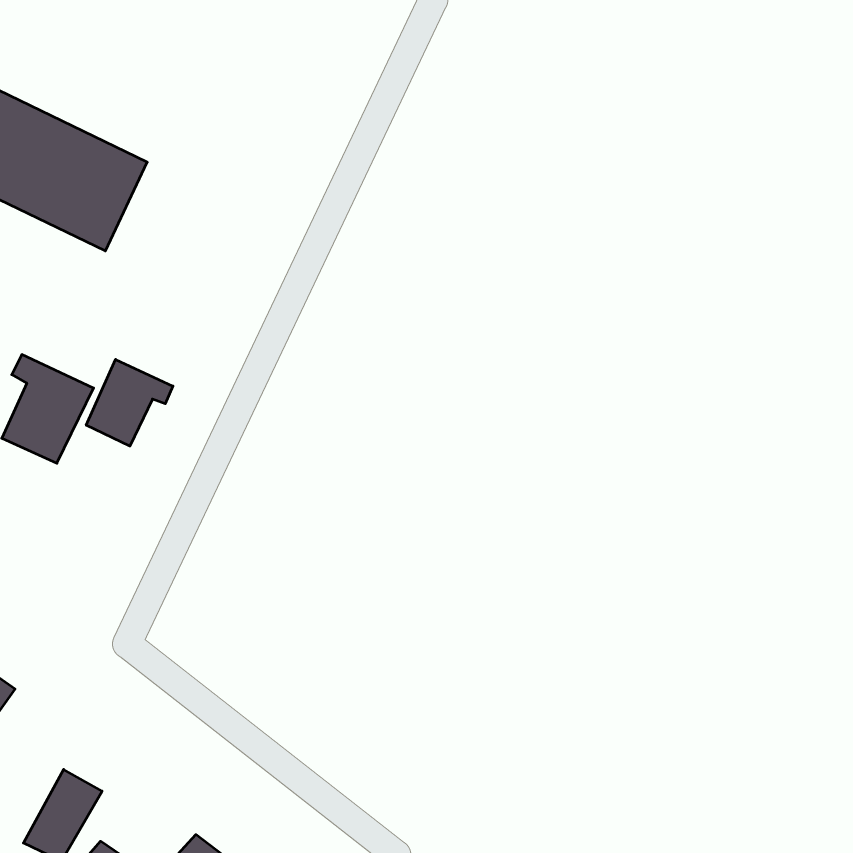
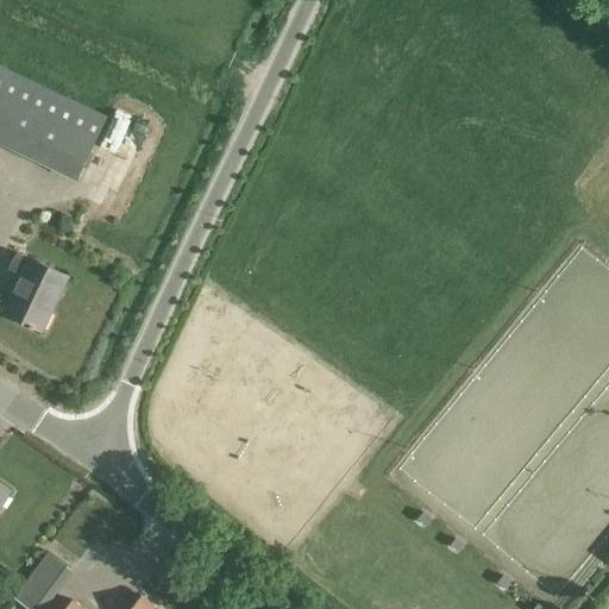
building: [86,359,173,446] -> none

